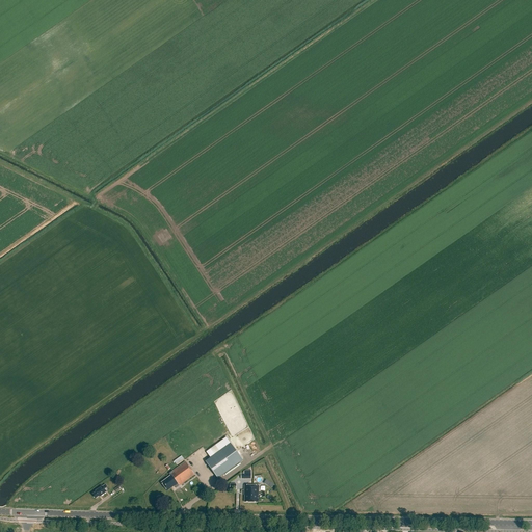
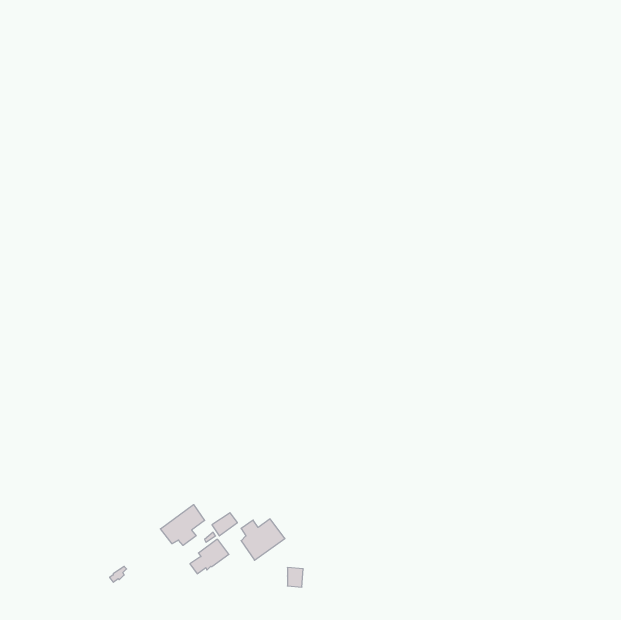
building: none -> [160,505,205,545]

